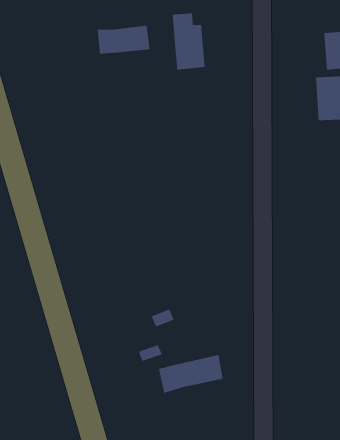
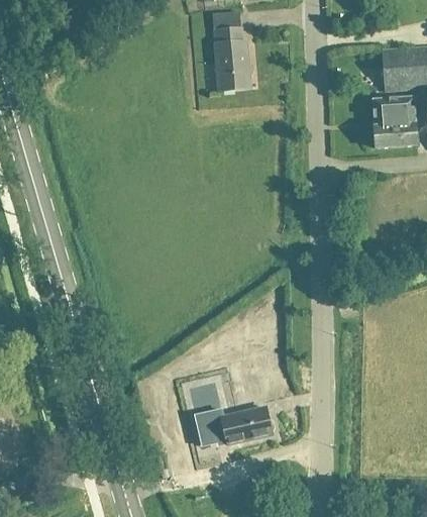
building: [97,25,150,54] -> none

